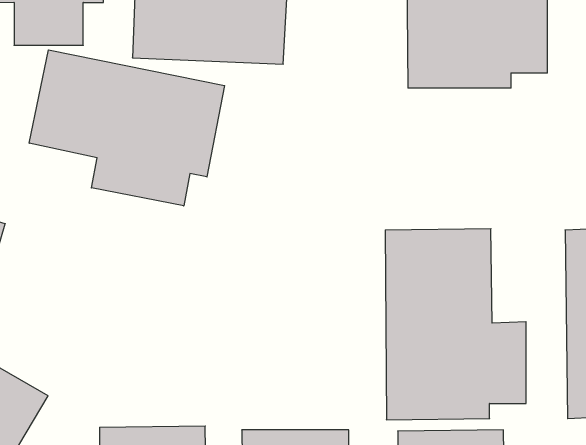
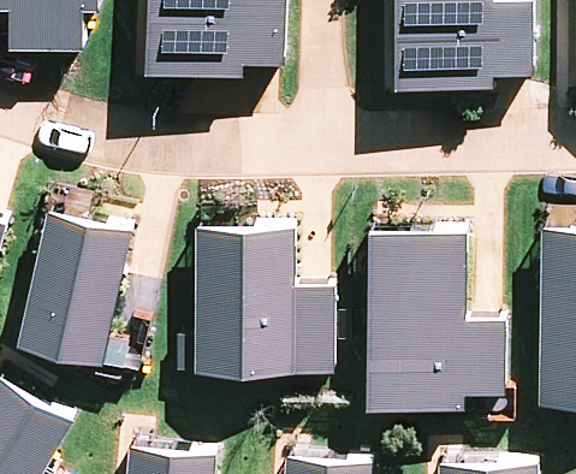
building: [29,50,225,206] -> none
building: none -> [22,212,132,368]
building: none -> [196,232,333,373]

